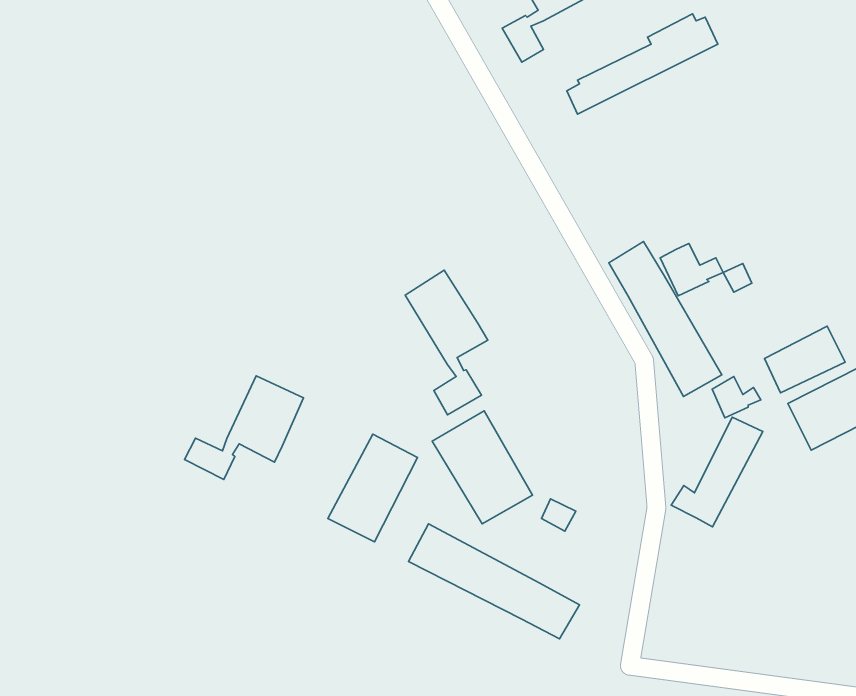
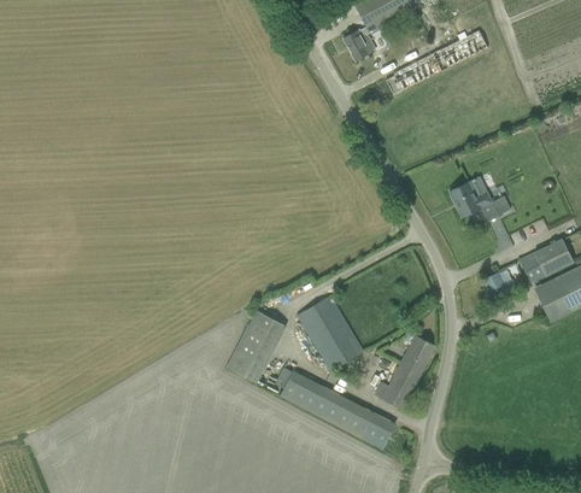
building: [609,241,722,397] -> none
building: [405,270,488,415] -> none
building: [185,376,304,480] -> none
building: [671,417,763,527] -> [374,335,435,409]

